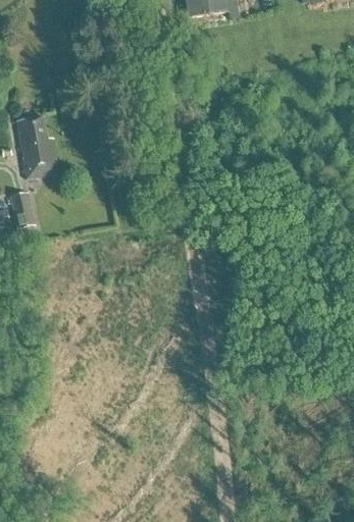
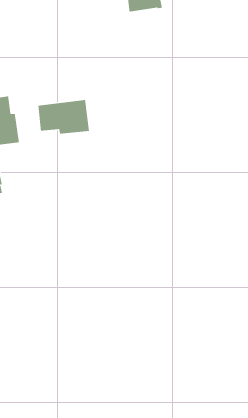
building: none -> [38,99,90,135]

